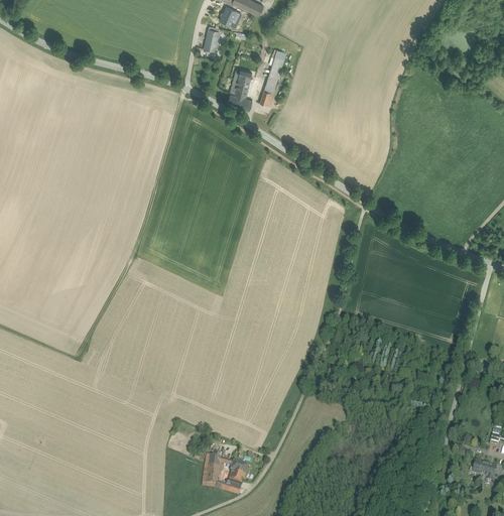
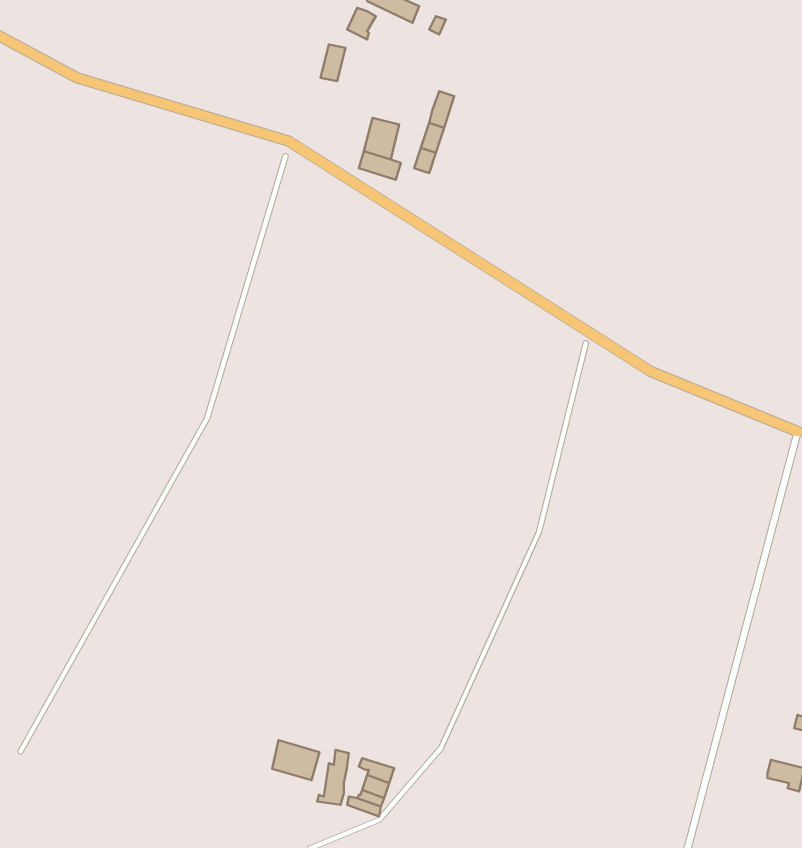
building: none -> [272,740,319,780]

